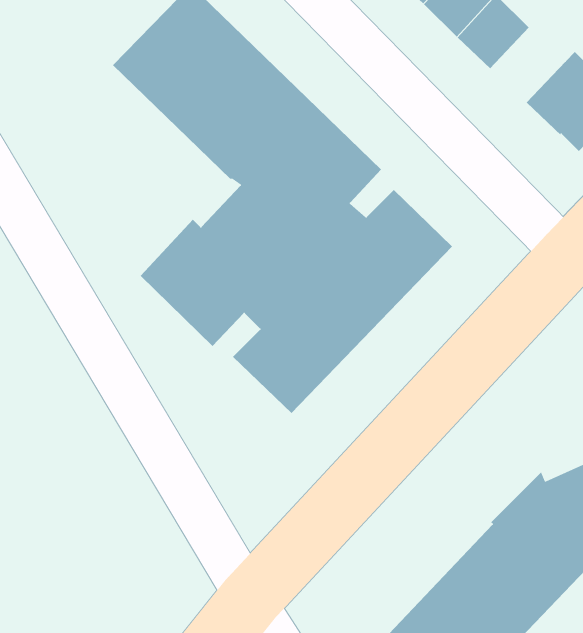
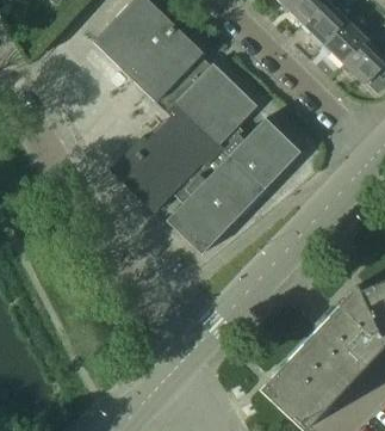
building: none -> [323,19,368,64]

